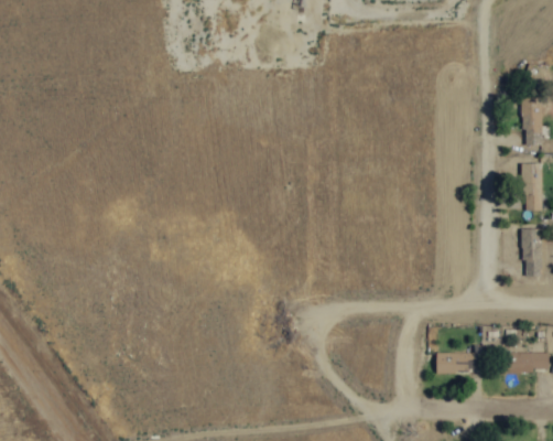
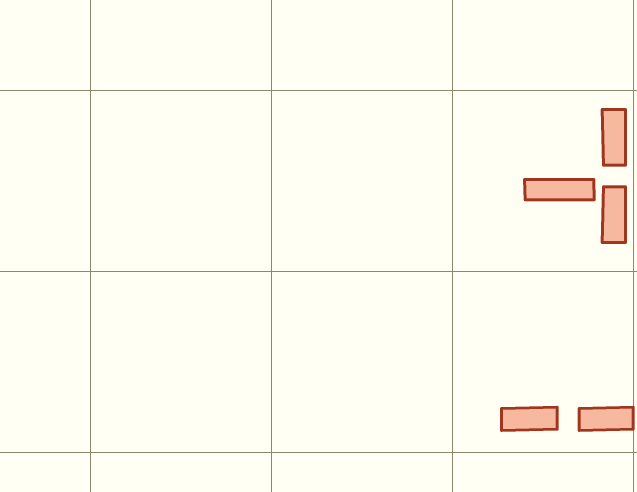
building: none -> [524,180,594,200]
building: [523,228,543,277] -> none

